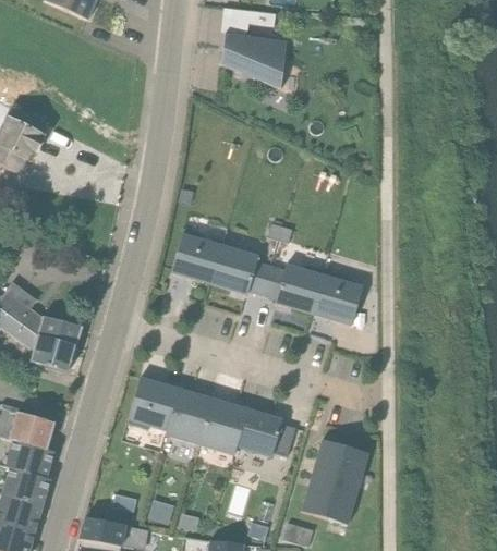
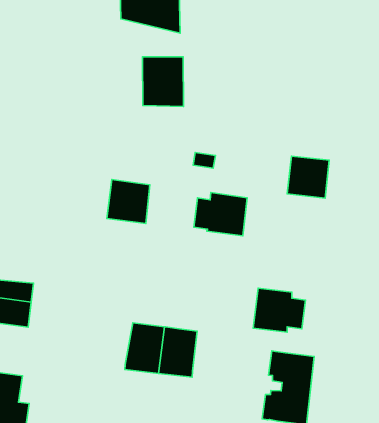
building: none -> [142,57,183,107]
building: [211,244,270,296] -> none
building: [312,274,362,325] -> [287,156,329,198]
building: [129,376,181,429] -> none
building: [235,406,295,457] -> [253,288,306,332]

